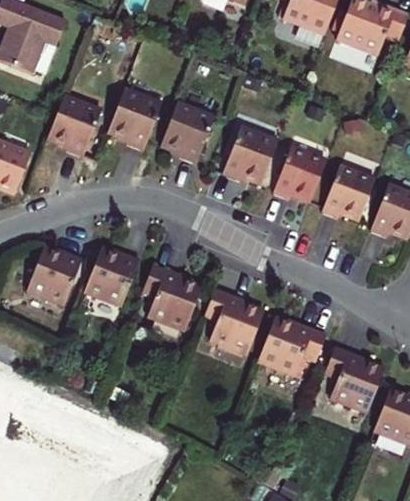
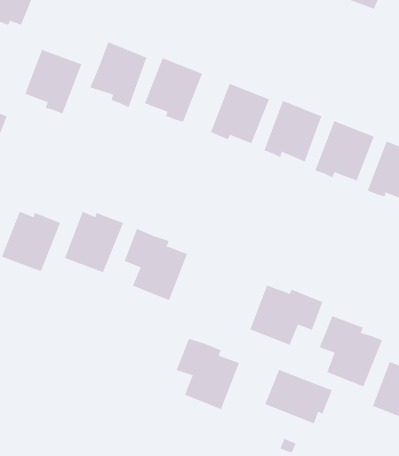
building: [202,289,262,356] -> [176,338,240,410]
building: none -> [264,369,332,424]

